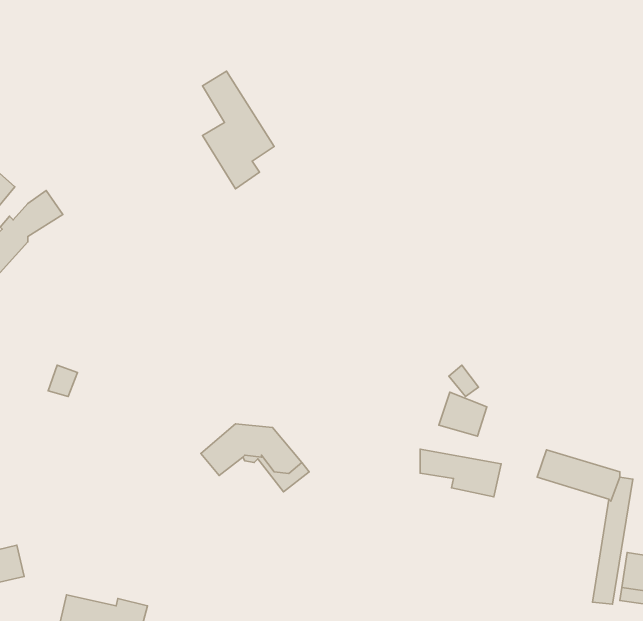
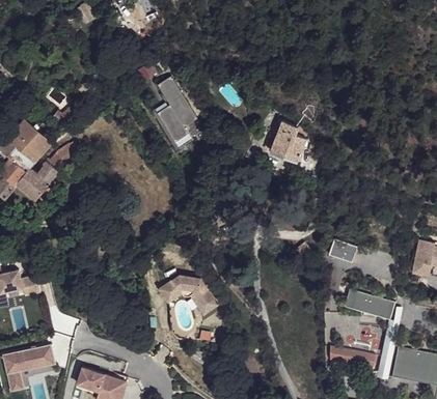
building: none -> [270,121,306,162]
building: [439,392,487,436] -> [329,238,356,263]
building: [420,449,501,497] -> [330,345,376,372]

